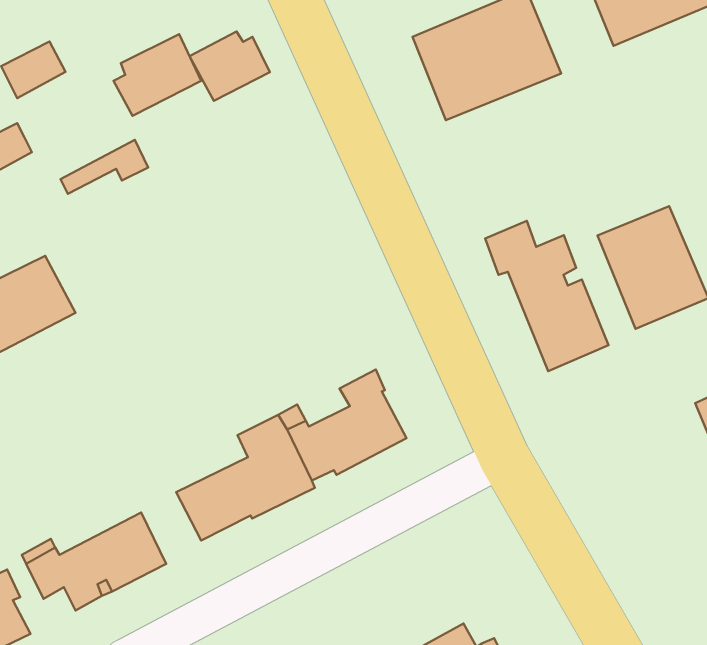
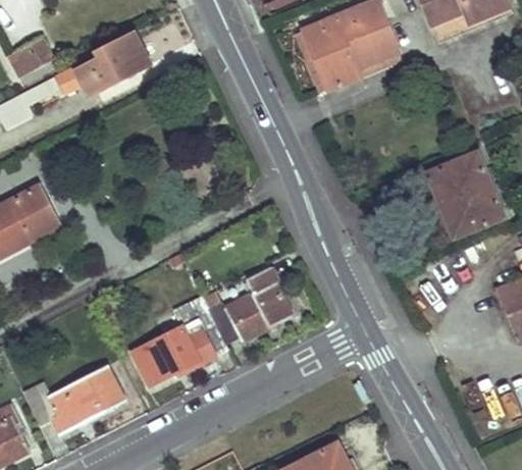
building: [189,31,270,101] -> none
building: [61,140,148,194] -> [20,65,82,103]
building: [485,221,608,371] -> none

